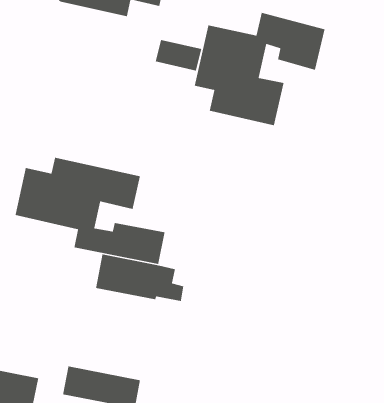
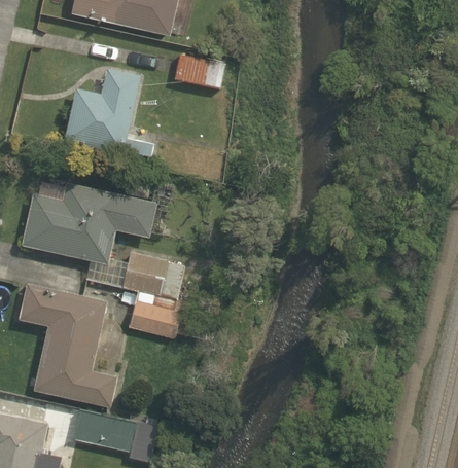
building: [194,12,325,126] -> none
building: none -> [64,68,152,159]
building: none -> [19,282,117,407]

